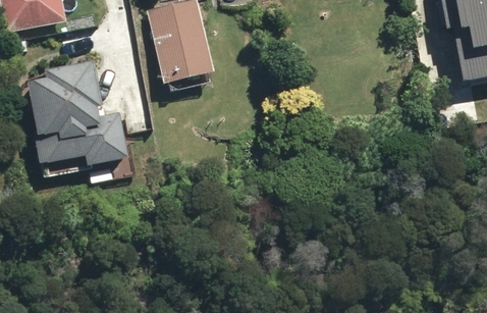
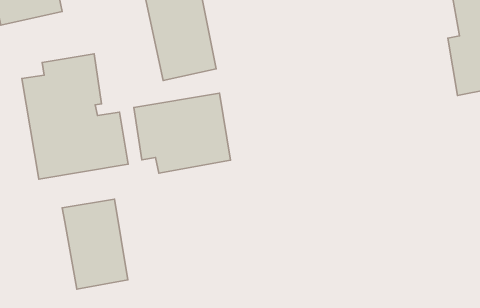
building: none -> [134,93,230,173]
building: none -> [62,199,128,289]

